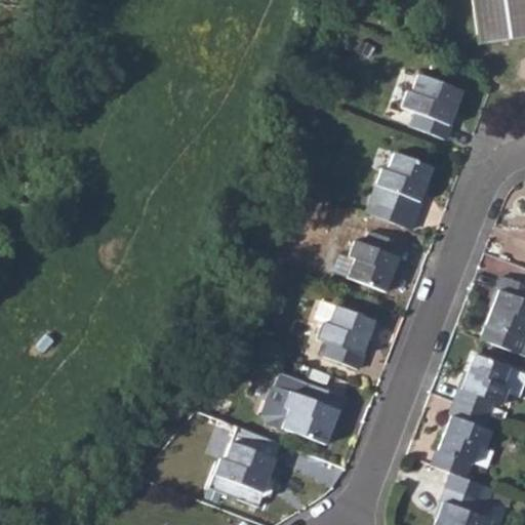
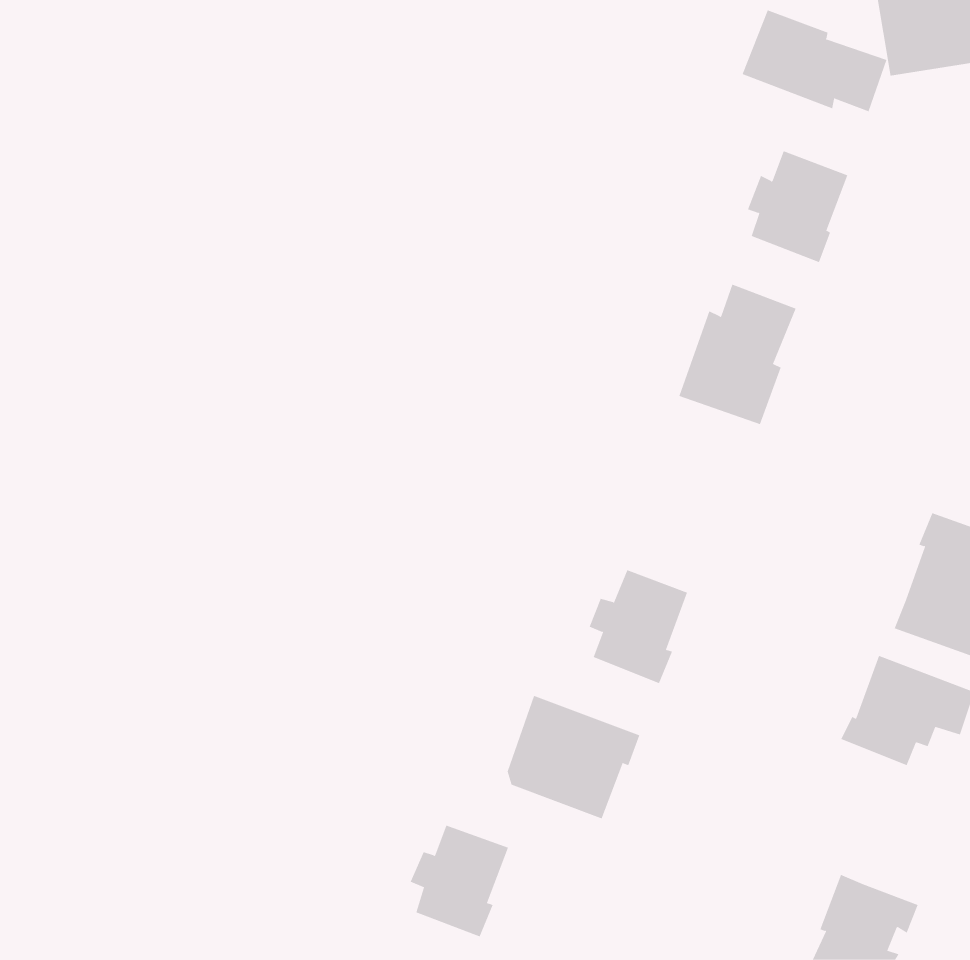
building: none -> [742,9,887,112]
building: [350,231,404,291] -> none
building: [431,398,492,476] -> none

